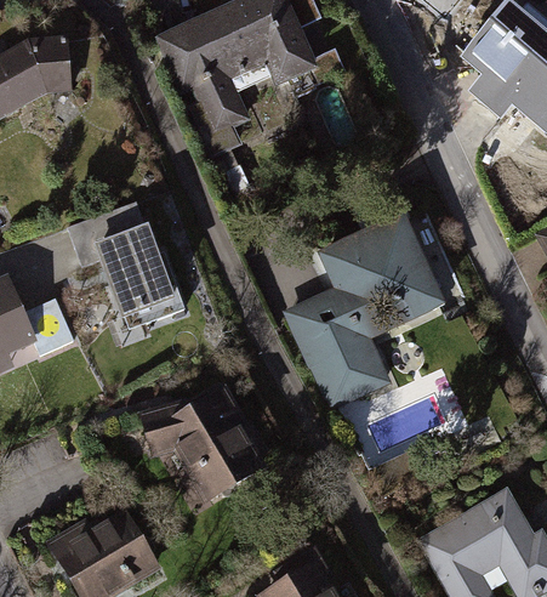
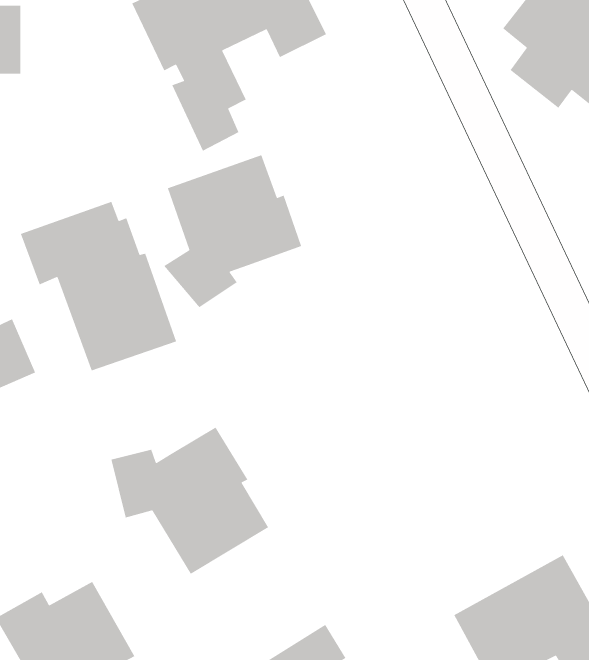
building: none -> [163,154,302,308]
building: [287,215,444,409] -> none

